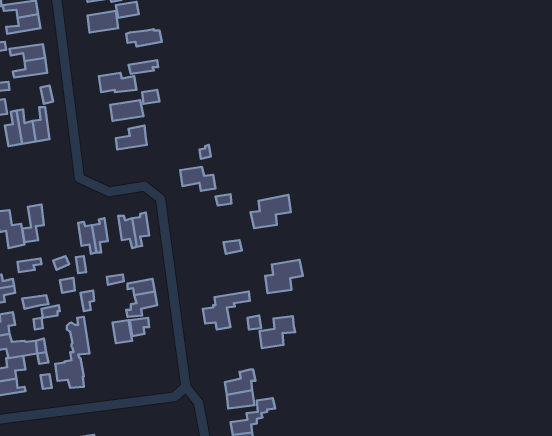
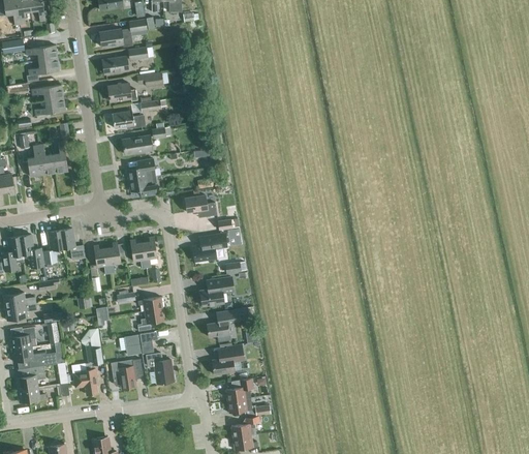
building: none -> [107,83,137,101]
building: none -> [128,176,157,196]
building: [251,195,291,228] -> [191,232,227,262]
building: none -> [60,229,85,260]
building: [265,260,303,293] -> [199,276,234,306]
building: [260,316,295,348] -> [212,346,244,375]
building: none -> [145,353,174,384]
building: none -> [113,359,143,390]

